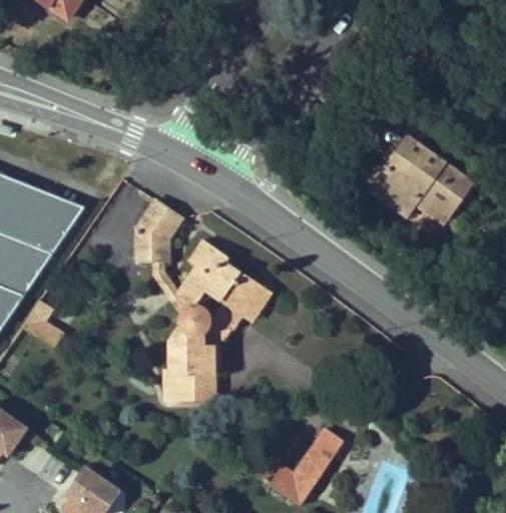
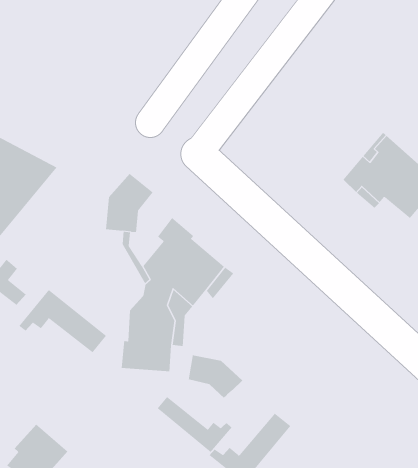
building: none -> [19,289,107,353]
building: none -> [188,355,243,399]
building: none -> [157,396,233,453]

